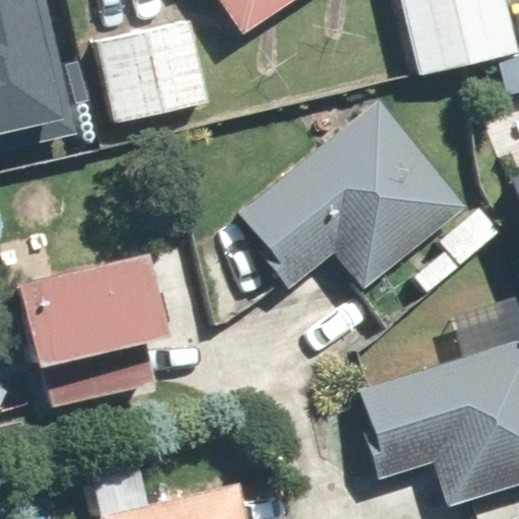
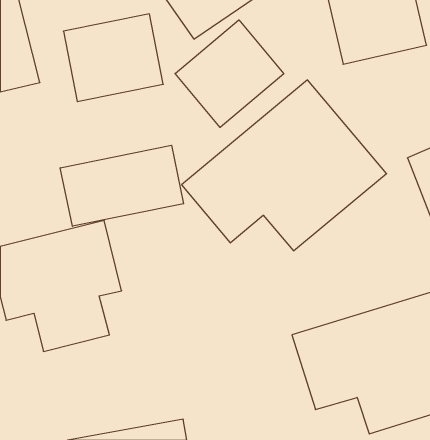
building: none -> [175,20,284,127]
building: none -> [60,145,184,226]

